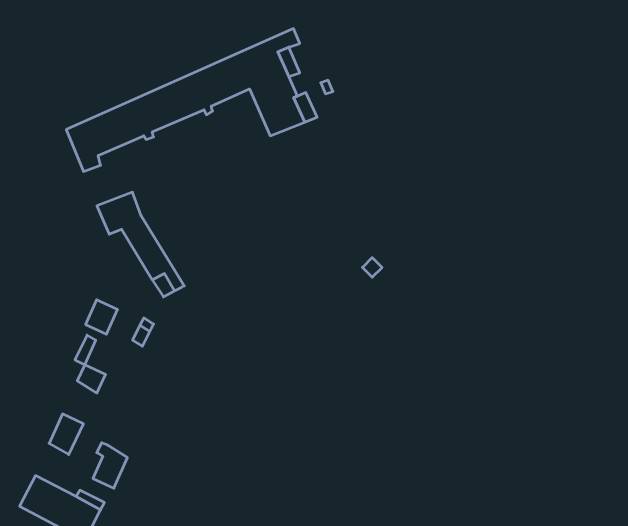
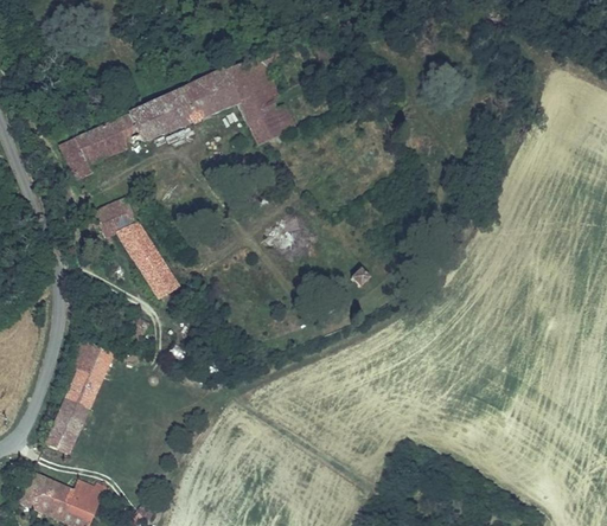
building: [86,300,118,334] -> [82,341,113,374]
building: [93,443,127,488] -> [60,378,94,422]

